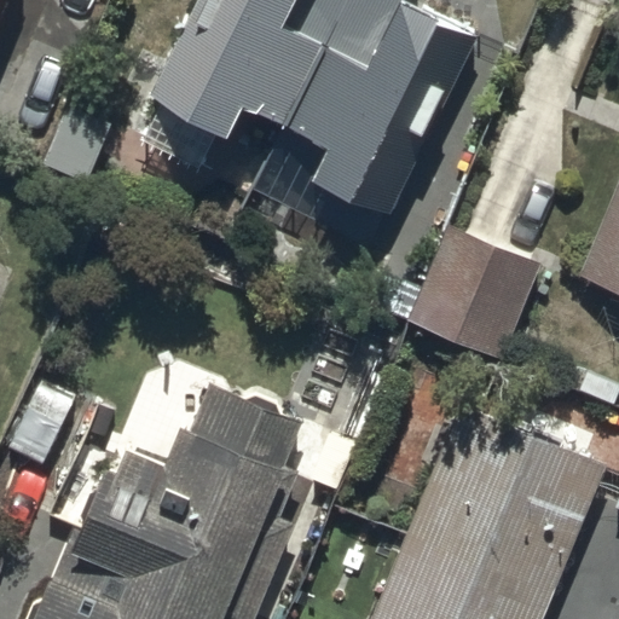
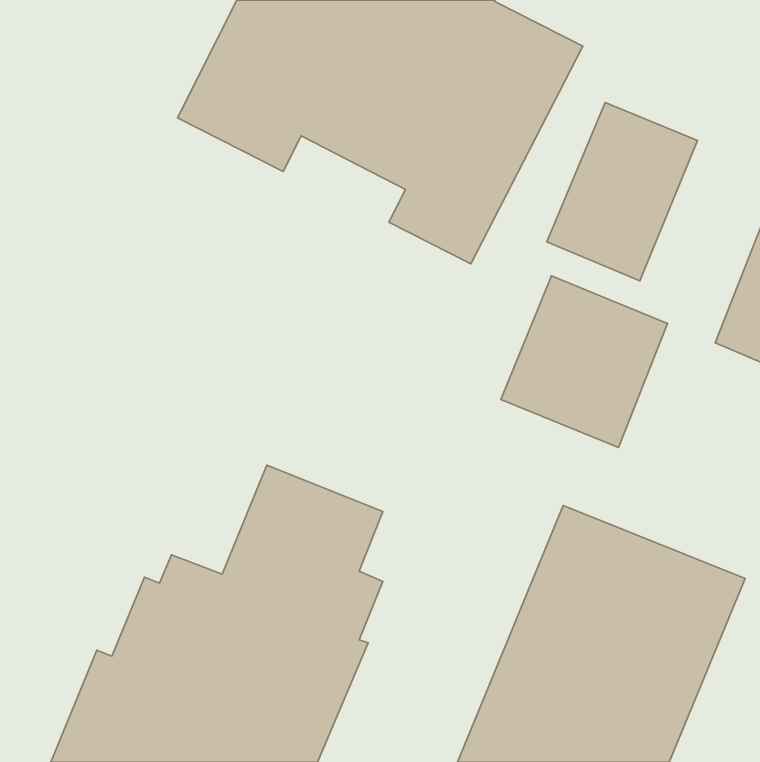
building: none -> [547,103,697,281]

